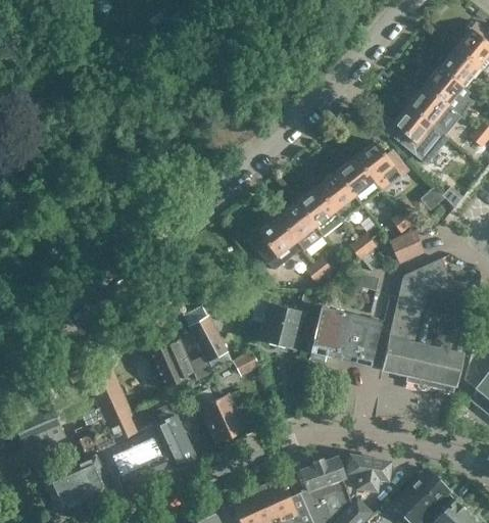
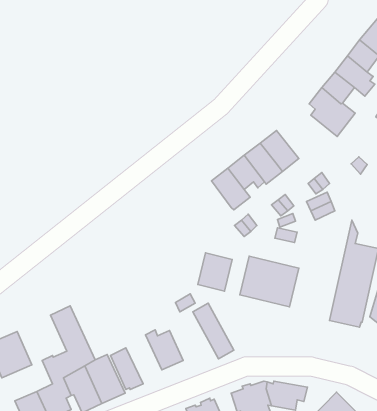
building: [355,141,405,190] -> none
building: [255,217,301,266] -> none
building: [383,257,445,383] -> none
building: [184,304,233,371] -> [193,303,234,359]
building: [147,339,209,388] -> none

